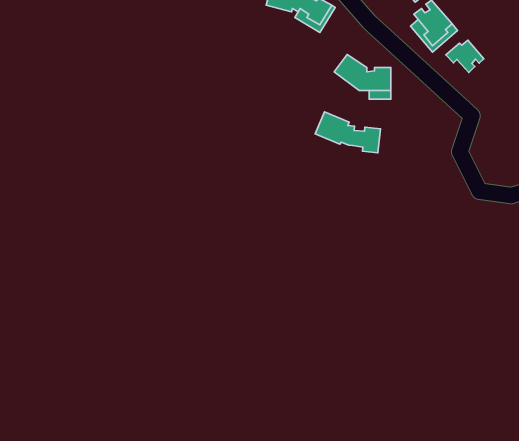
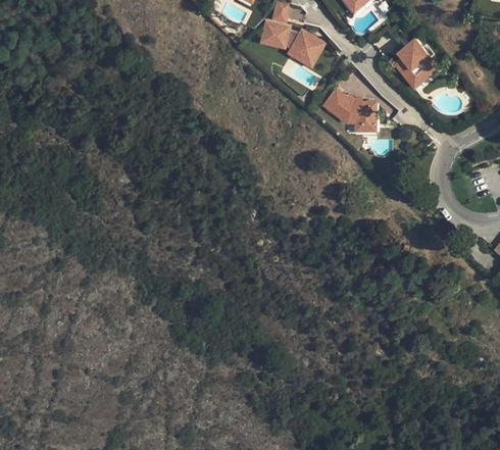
building: [446,40,484,72] -> none
building: [315,112,380,153] -> none

